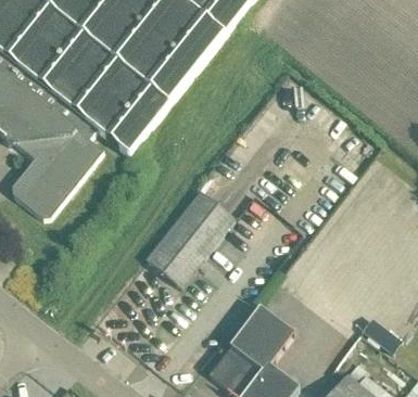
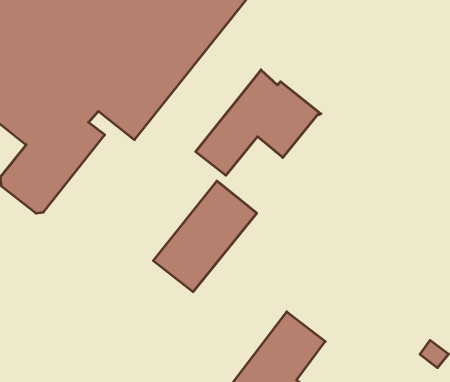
building: none -> [196,70,321,175]

